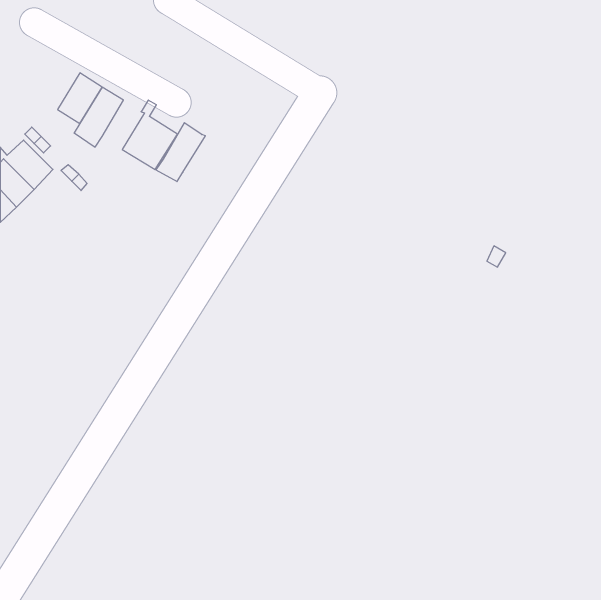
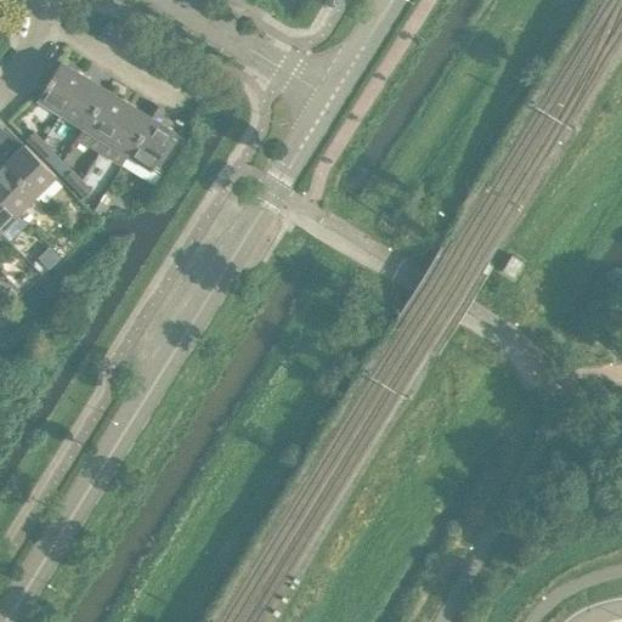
building: none -> [36,62,83,114]
building: [156,123,205,182] -> [98,104,149,165]

